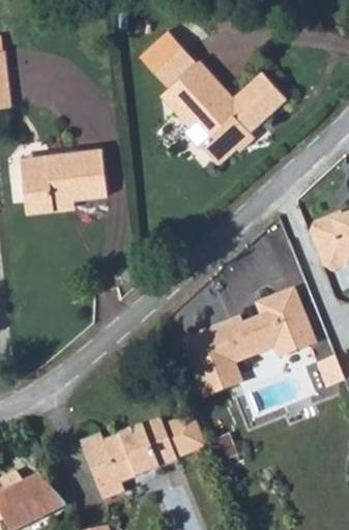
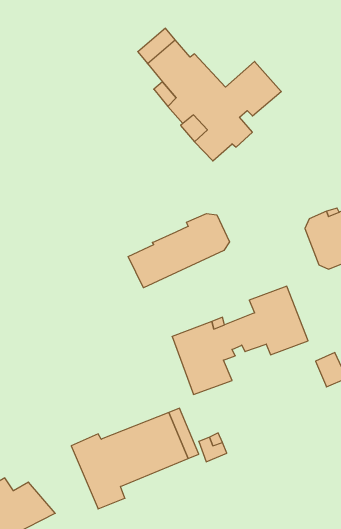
building: [21,150,107,216] -> none
building: none -> [128,214,229,288]

